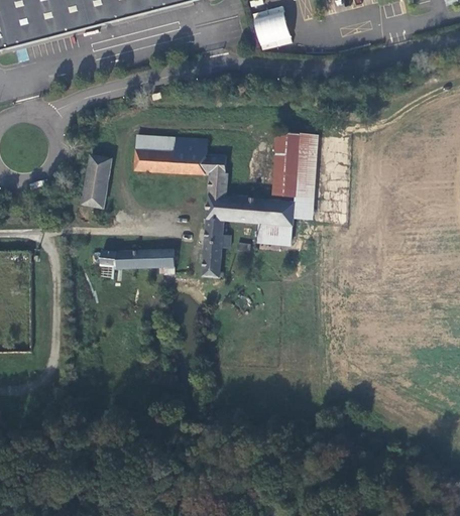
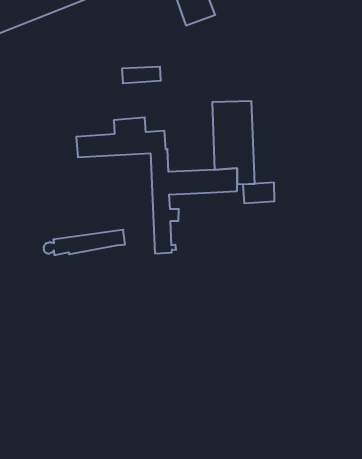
building: [134,134,175,151] -> [122,67,161,83]
building: [81,155,110,209] -> none
building: [257,223,291,244] -> [243,183,274,203]

